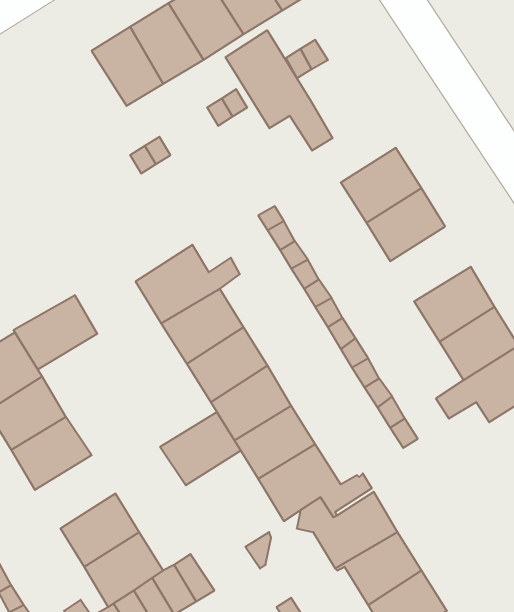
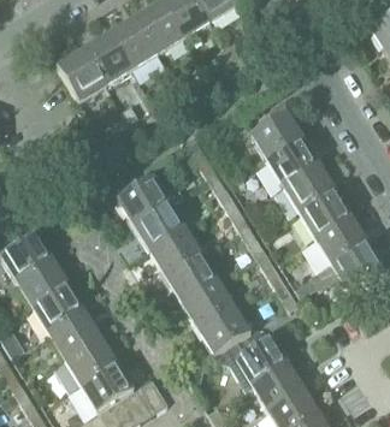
building: [226,30,333,151] -> none
building: none -> [59,46,108,99]
building: none -> [282,161,335,210]
building: [14,295,97,370] -> none
building: [160,412,241,485] -> [48,312,101,360]

